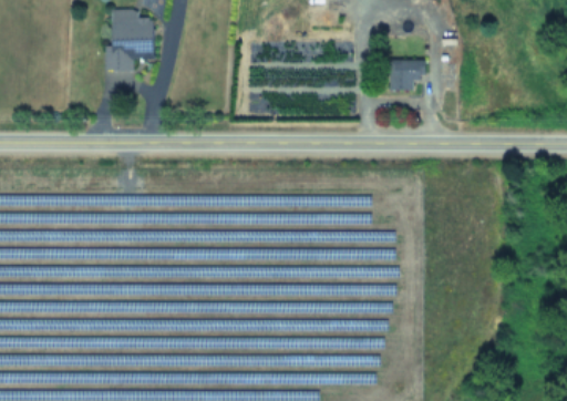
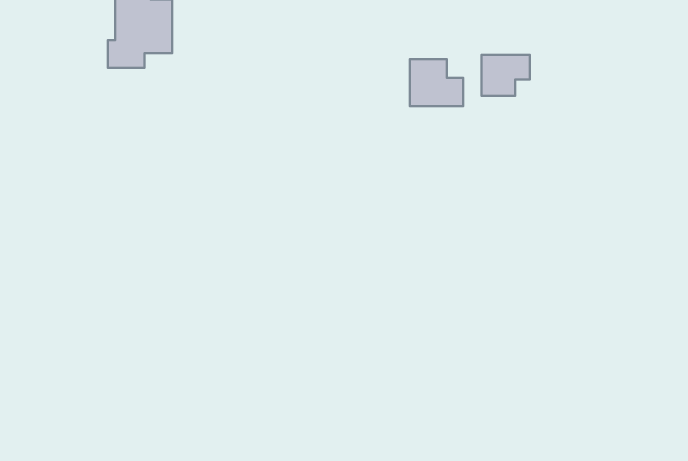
building: none -> [410,59,463,106]

